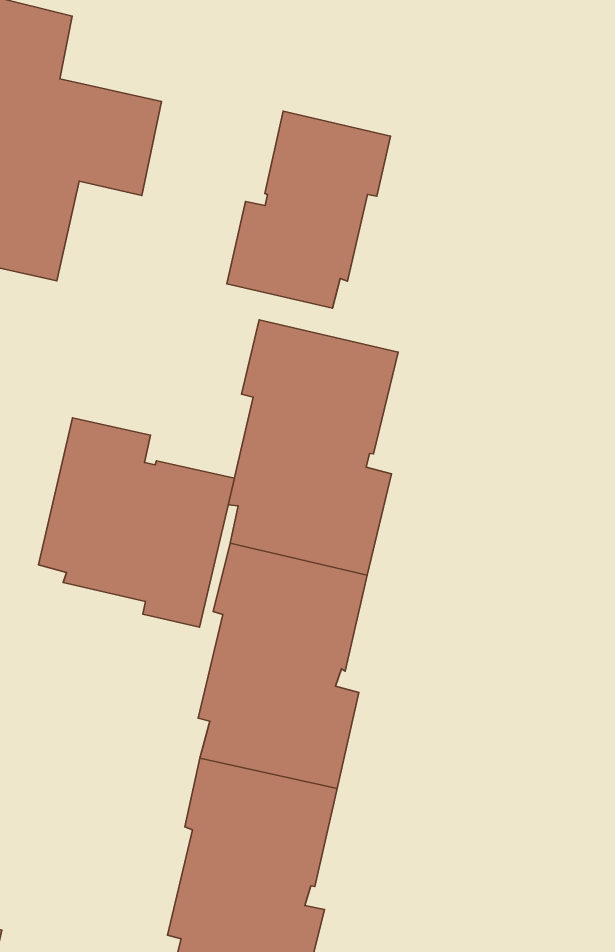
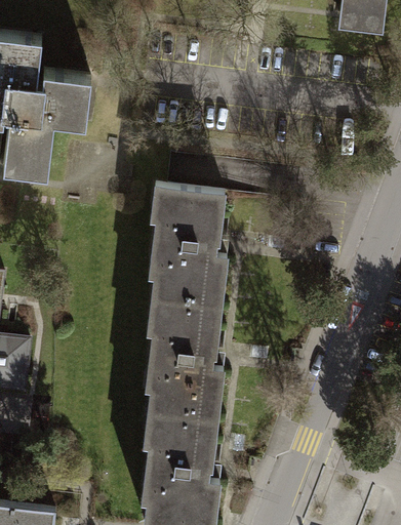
building: [227,111,390,308] -> none
building: [38,418,234,627] -> none

